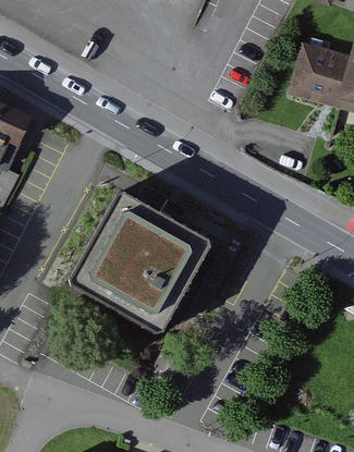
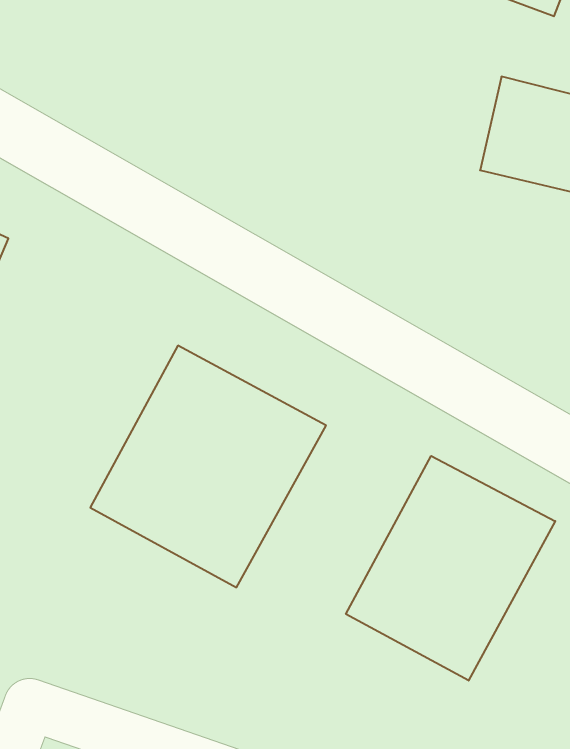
building: none -> [346,456,555,681]

